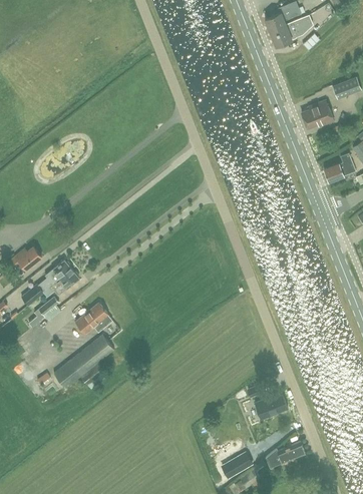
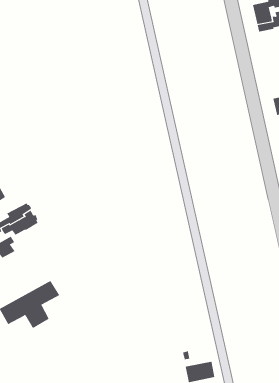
building: [75,303,112,334] -> none

